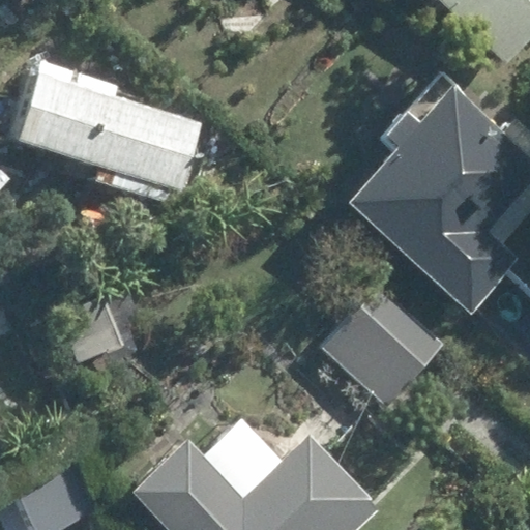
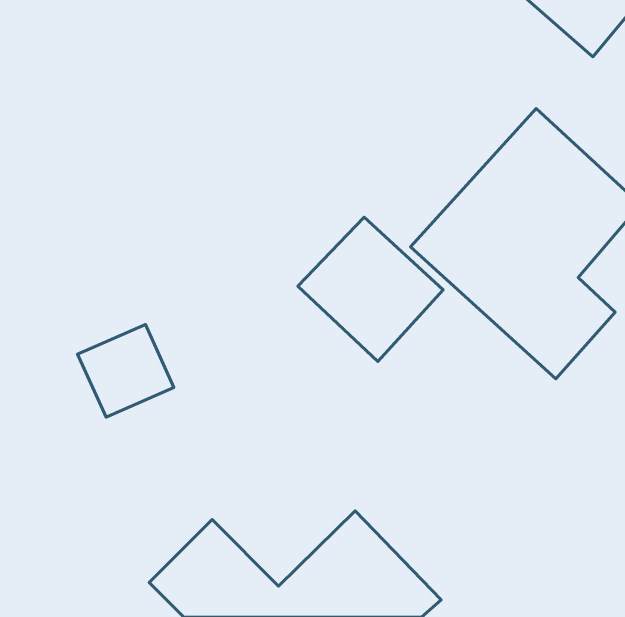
building: [21,66,203,204] -> none
building: [323,285,445,406] -> [298,217,443,362]

